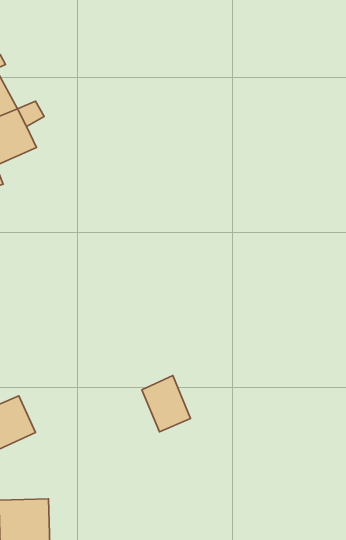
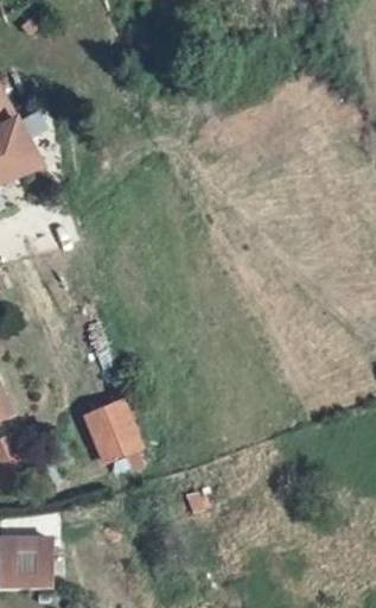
building: [142,375,190,432] -> [81,397,133,457]

